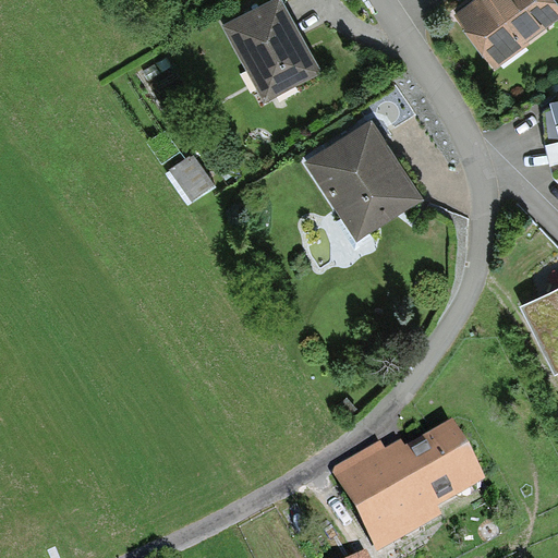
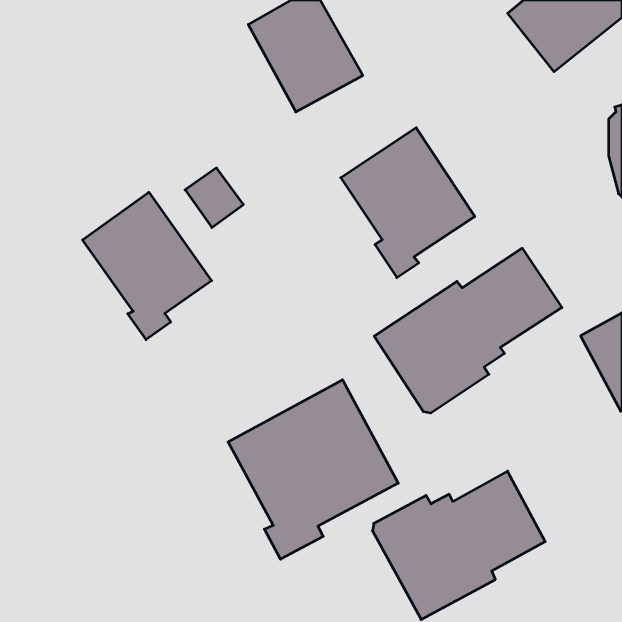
building: none -> [83,192,212,340]
building: none -> [374,248,562,413]
building: none -> [228,380,398,559]

